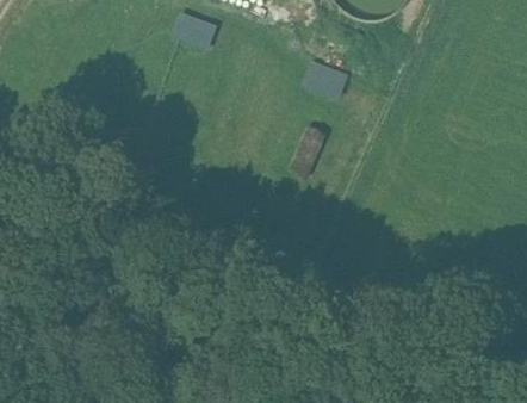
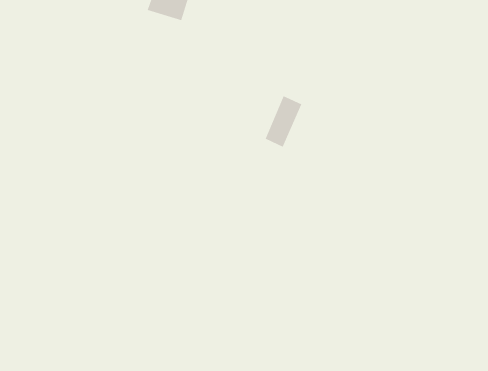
building: [305,62,345,97] -> none

